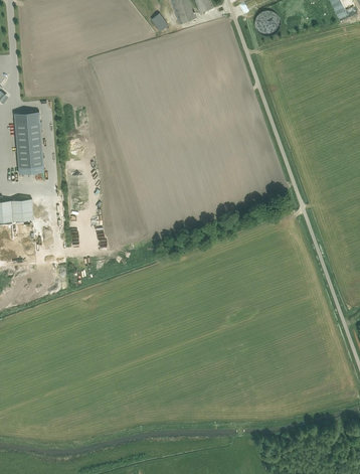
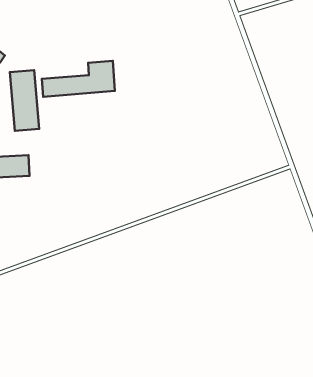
building: none -> [42,61,115,97]

